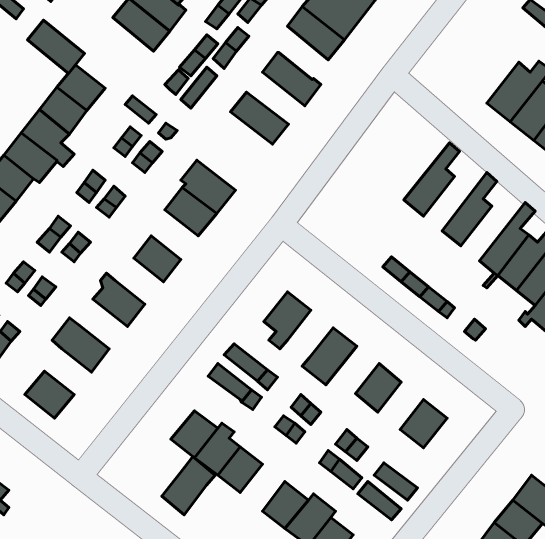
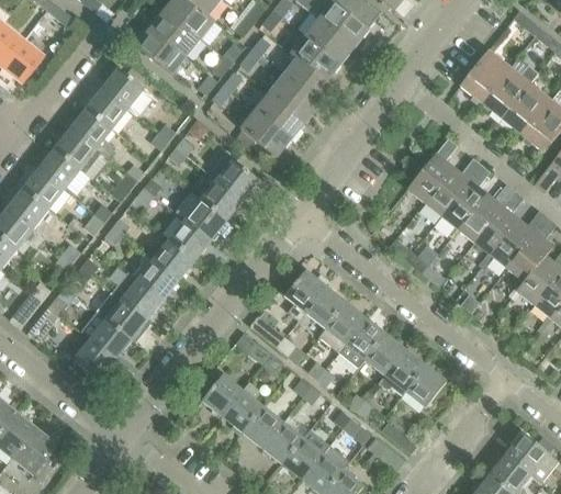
building: [28,20,85,73] -> [135,27,186,75]
building: none -> [289,35,340,82]
building: none -> [460,50,509,103]
building: none -> [268,76,319,122]
building: none -> [239,111,291,158]
building: none -> [425,158,481,216]
building: none -> [458,184,515,243]
building: none -> [175,193,225,242]
building: none -> [152,240,194,281]
building: none -> [111,272,162,321]
building: none -> [304,287,345,328]
building: none -> [338,318,385,368]
building: none -> [89,321,131,361]
building: none -> [378,350,425,396]
building: [162,457,215,515] -> [262,413,310,464]

